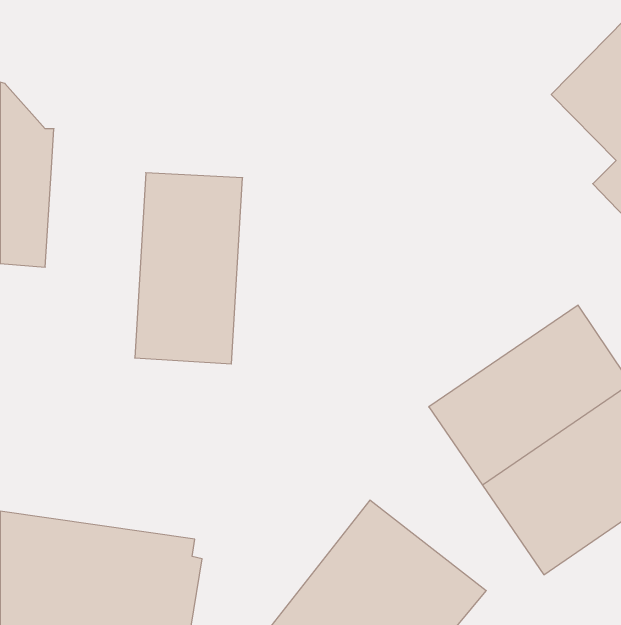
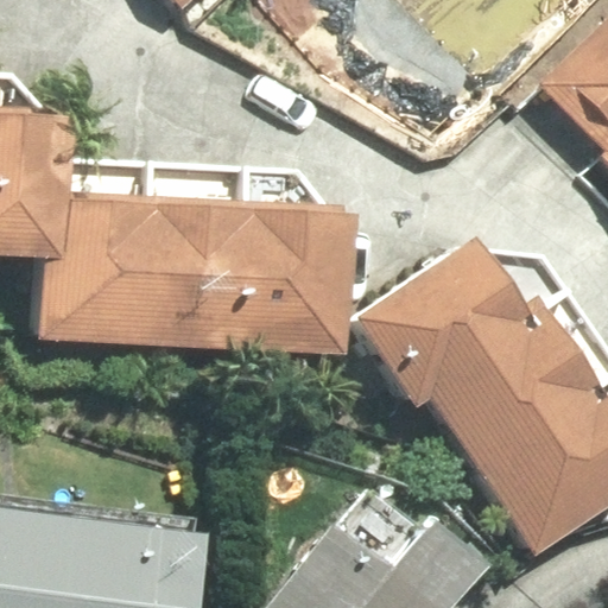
building: none -> [44,164,146,348]
building: none -> [229,173,347,361]
building: none -> [359,248,565,401]

